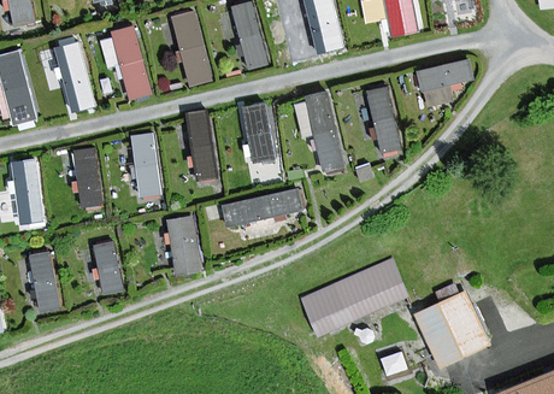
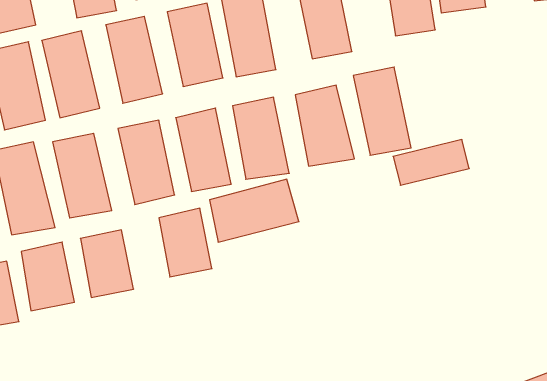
building: [403,53,479,99] -> [393,140,469,185]
building: [296,265,397,335] -> none
building: [411,298,478,367] -> none

